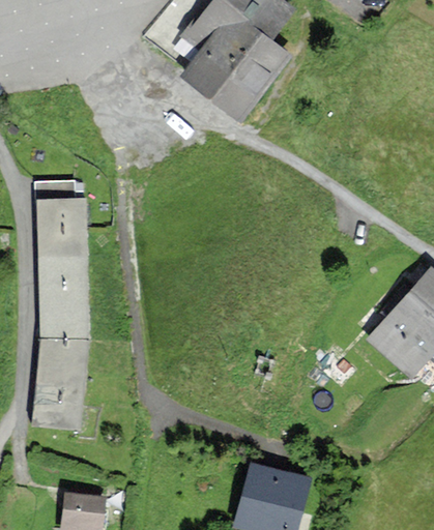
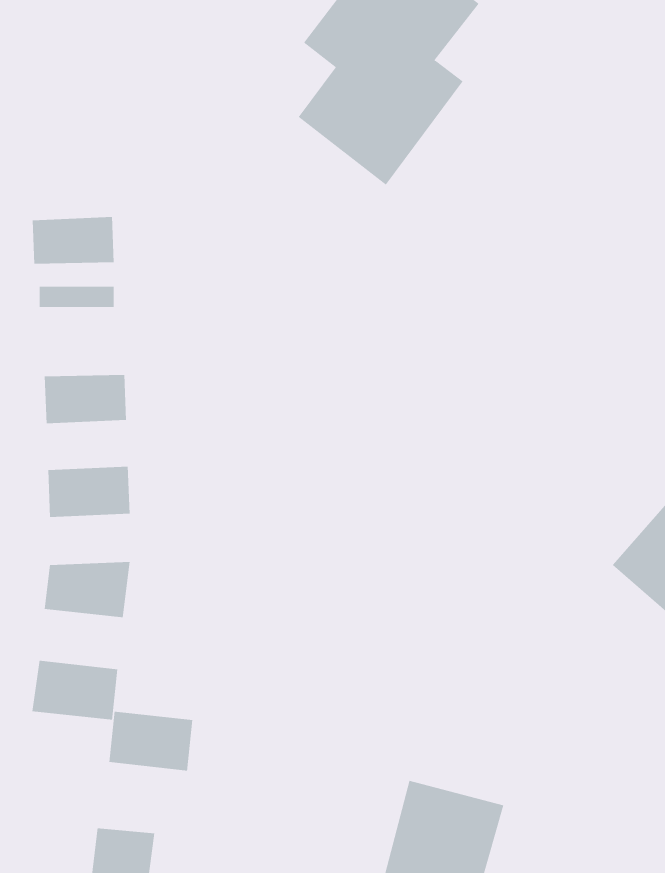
building: [36,200,85,228] -> [32,217,115,264]
building: [38,254,87,283] -> none
building: [40,308,88,338] -> none
building: [34,364,84,400] -> [108,711,193,771]

